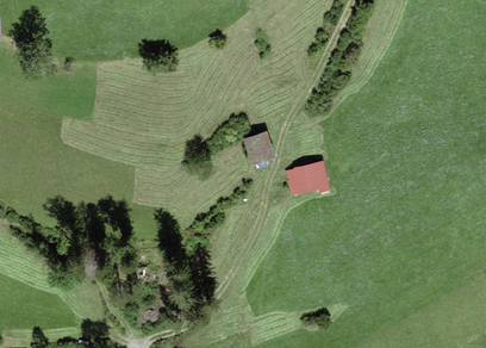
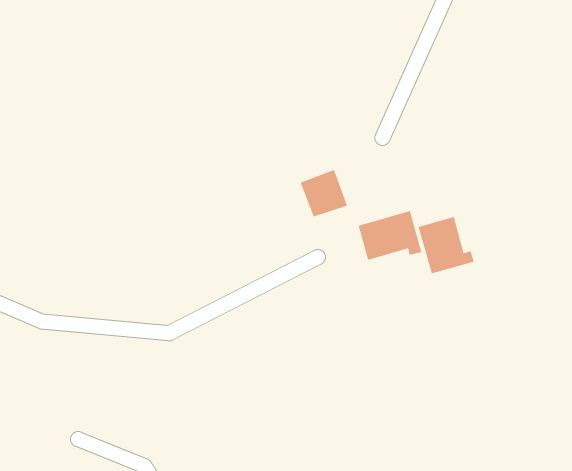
building: none -> [418,216,474,274]

